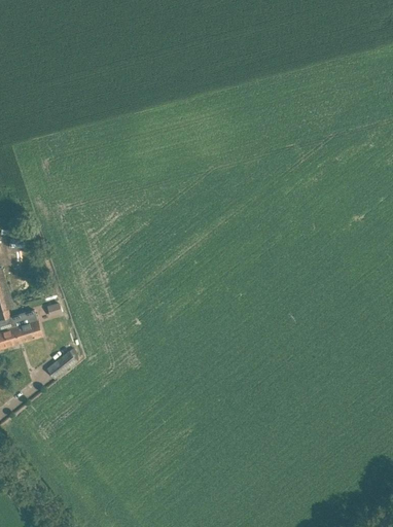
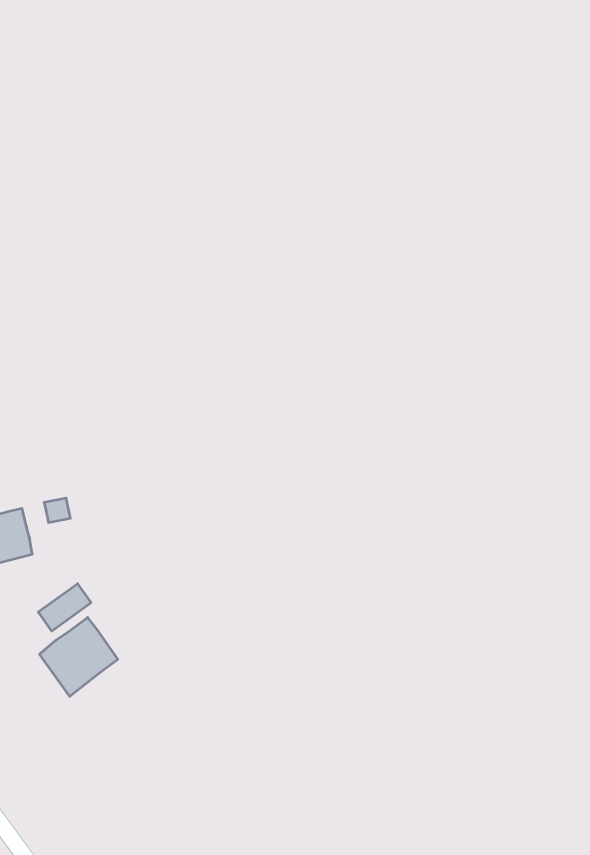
building: none -> [40,617,118,696]

